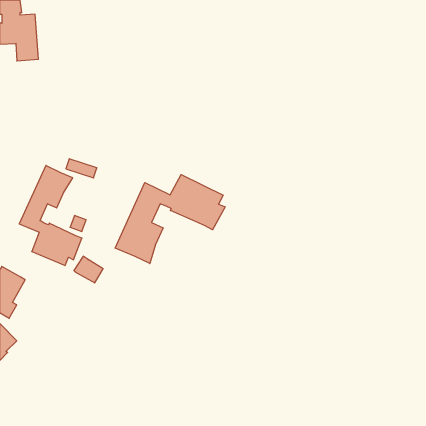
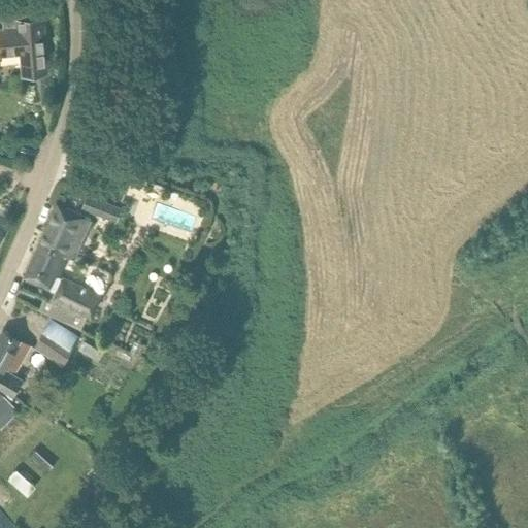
building: [115,175,225,264] -> none
building: [74,256,103,283] -> [34,329,70,362]

